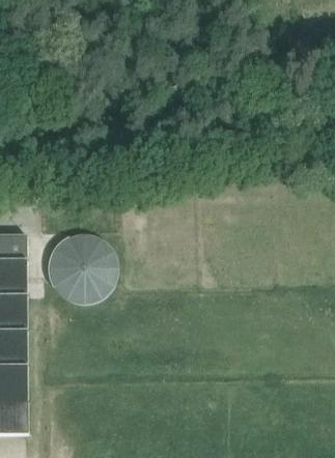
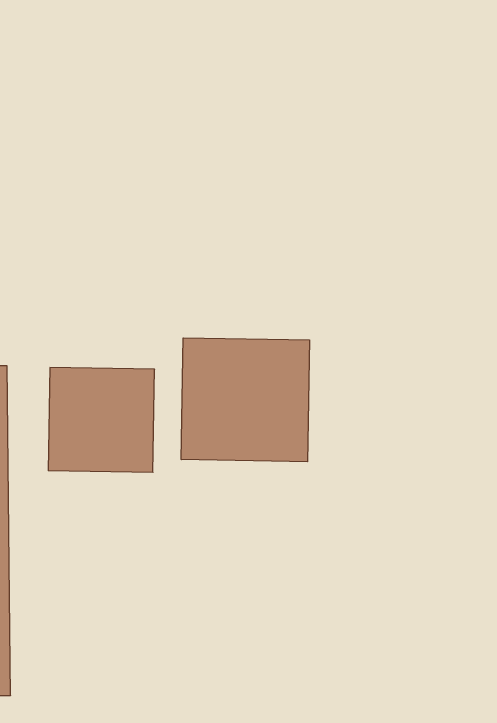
building: none -> [181,338,309,462]

